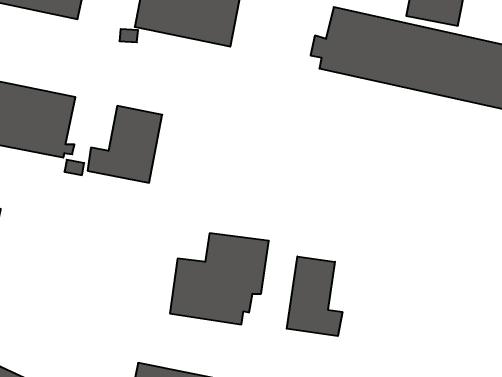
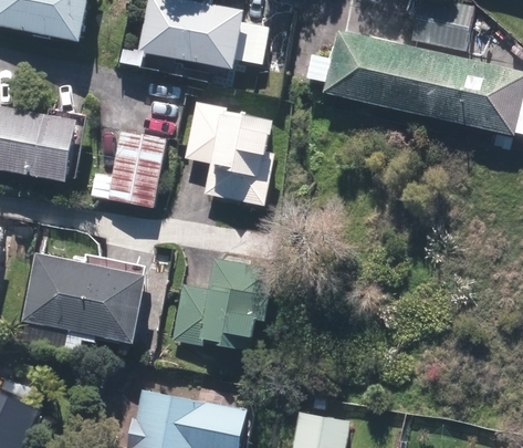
building: none -> [184,102,275,206]
building: none -> [22,253,148,350]
building: [287,256,342,336] -> none

